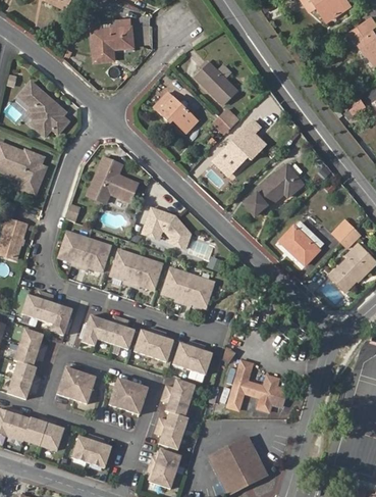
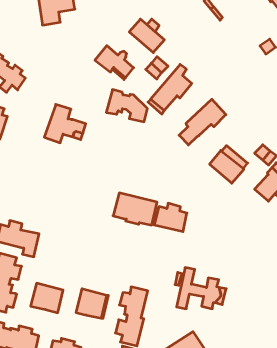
building: [142,207,191,248] -> [106,90,147,122]
building: [58,232,110,272] -> none
building: [110,249,162,290] -> none
building: [82,315,135,349] -> none
building: [133,328,173,362] -> none
building: [172,340,212,375] -> [154,203,187,232]

